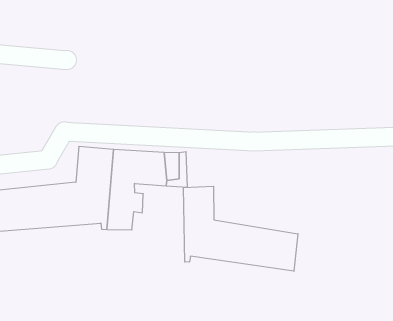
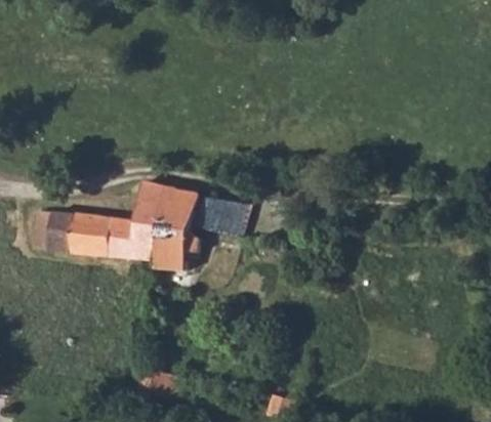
building: [184,186,298,271] -> none

